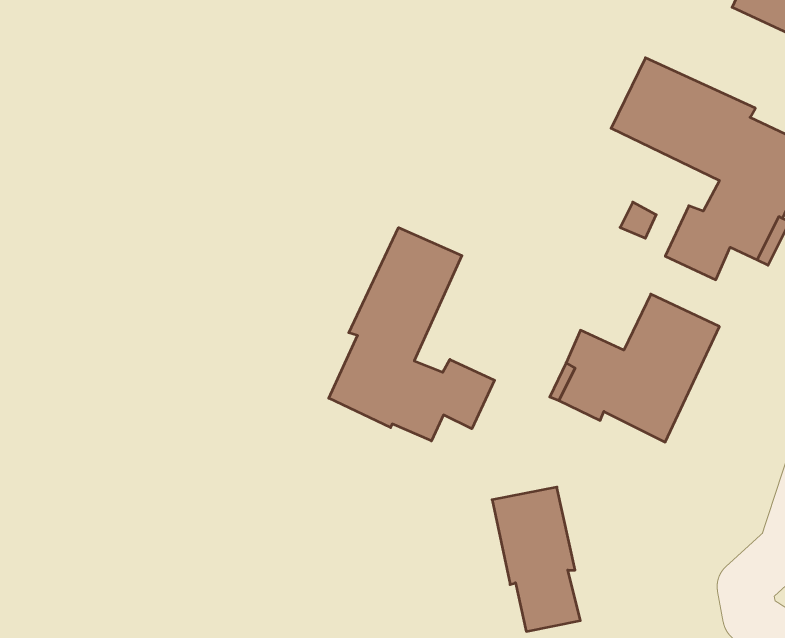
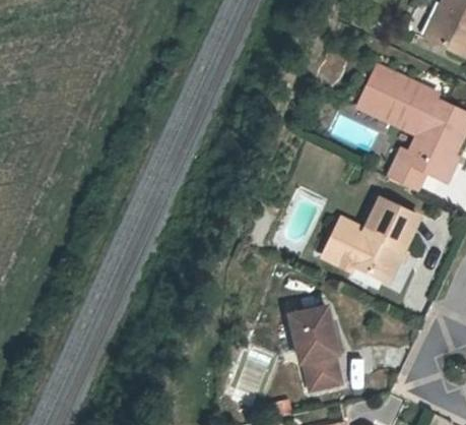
building: [329,228,495,441] -> none

